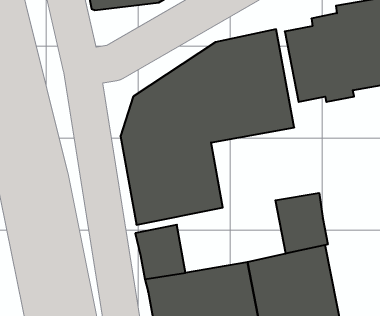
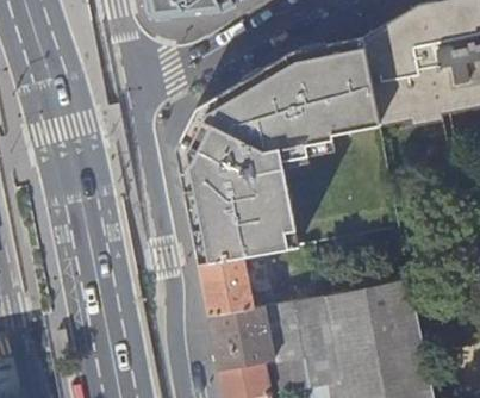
building: [275,193,328,254] -> none

